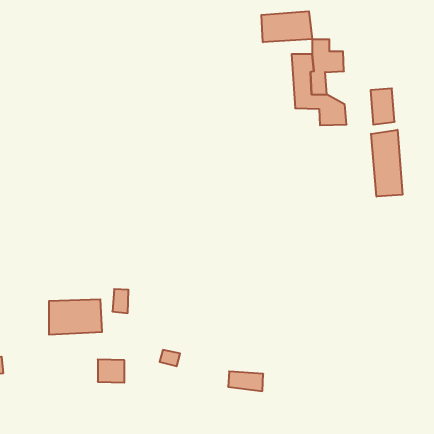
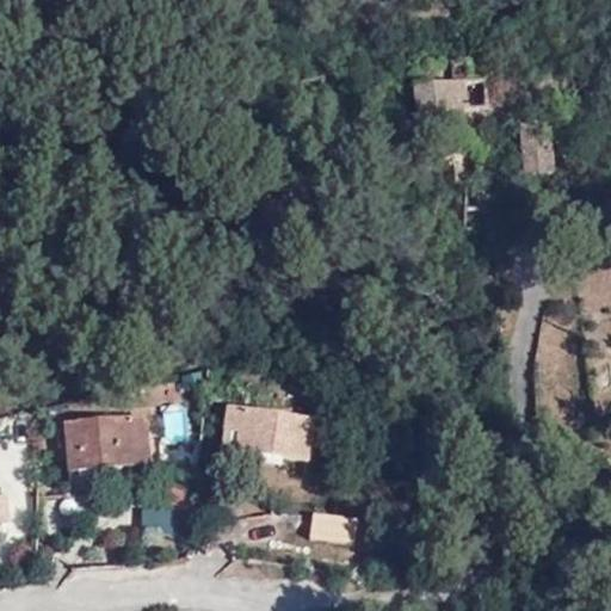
building: [261,11,312,42] -> none
building: [371,130,402,197] -> none
building: none -> [224,402,307,461]

